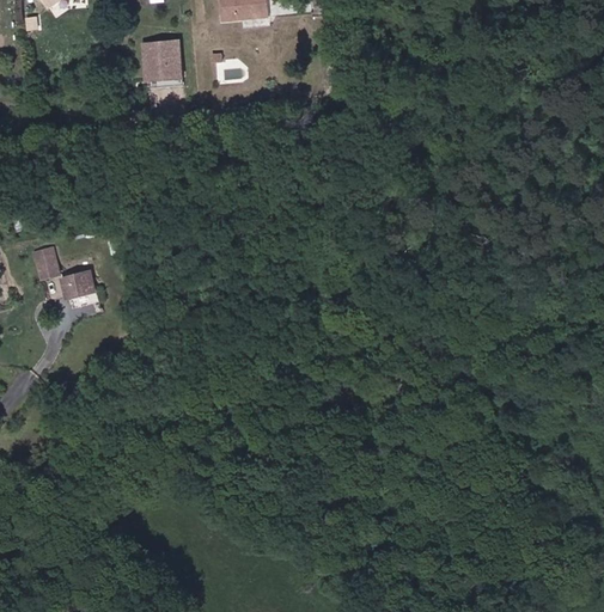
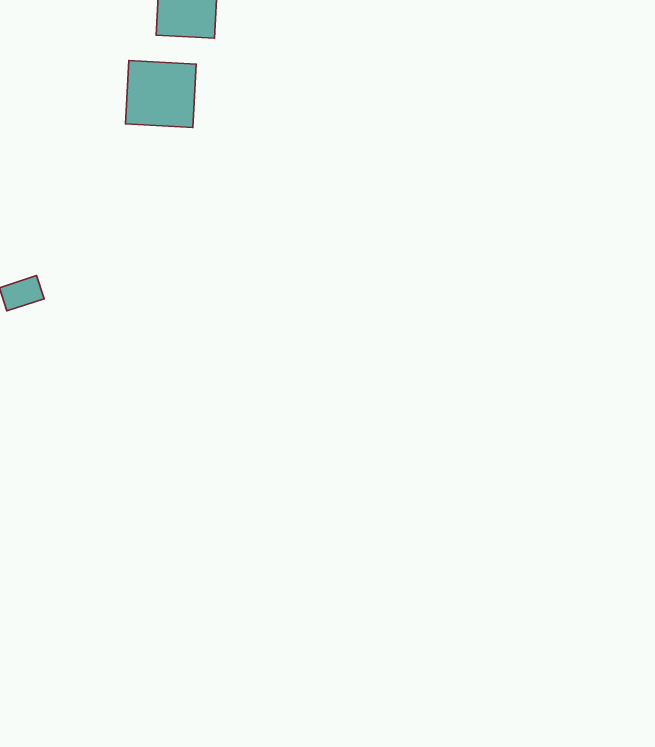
building: none -> [126,61,196,128]

